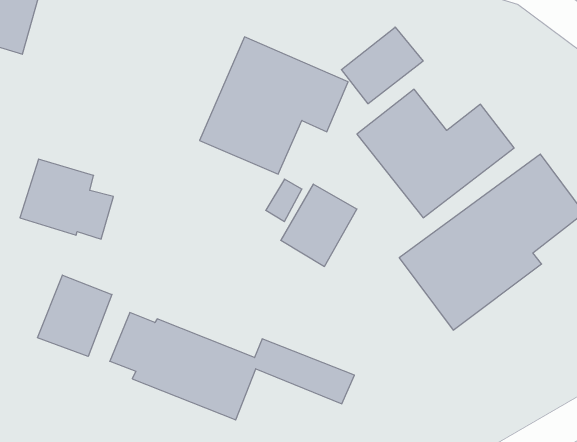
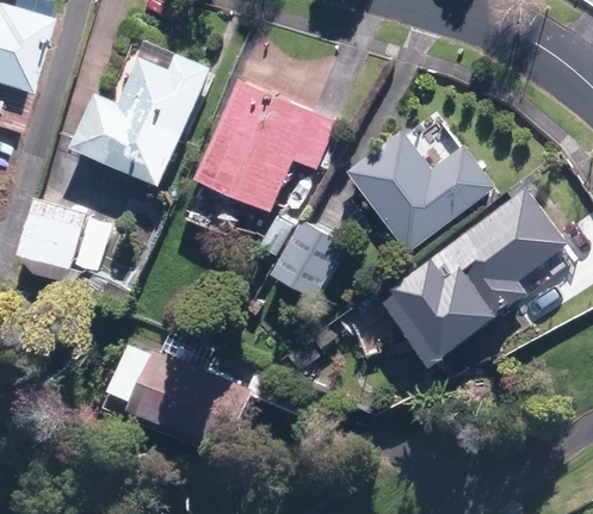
building: none -> [69,52,209,186]
building: [341,27,423,104] -> none
building: [37,275,112,356] -> none

